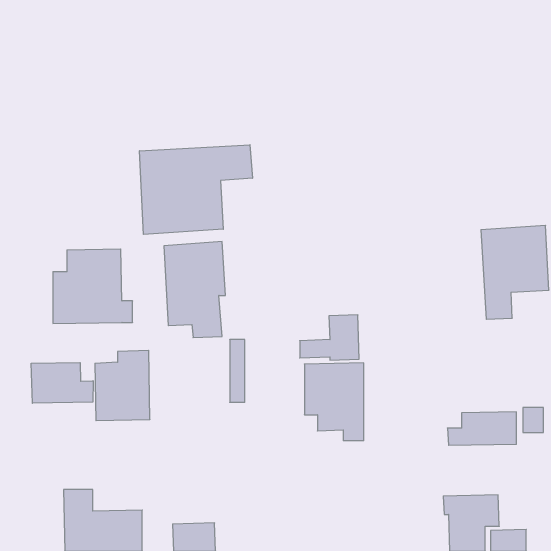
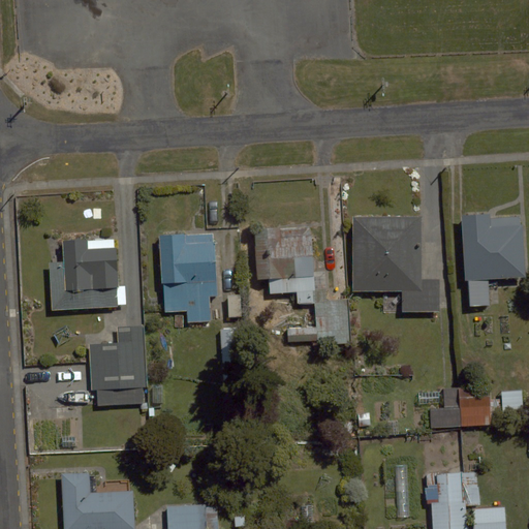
building: [140,145,252,234] -> none
building: none -> [351,220,440,316]
building: [31,363,93,403] -> none
building: [304,363,364,441] -> [256,229,313,304]

